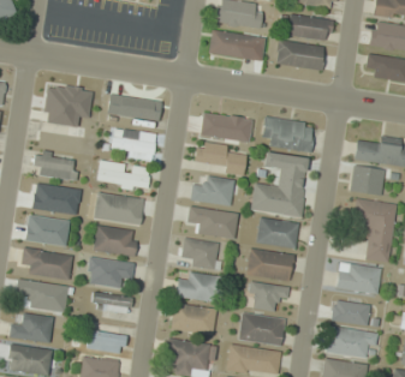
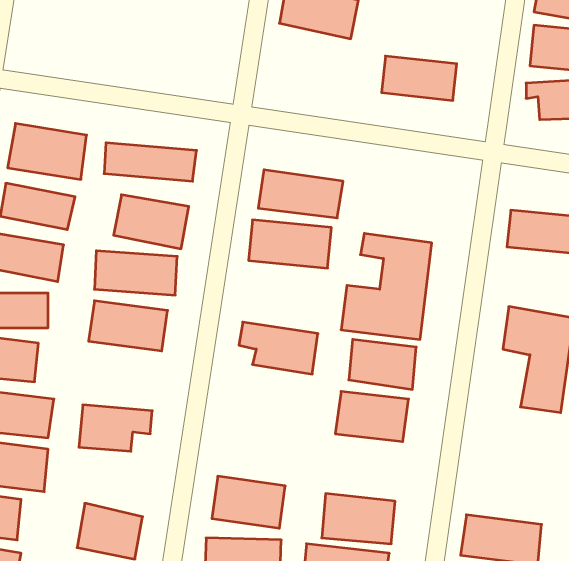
building: [282,14,333,40] -> none
building: [210,34,262,56] -> none
building: [261,116,314,152] -> none
building: [350,164,385,195] -> none
building: [190,175,234,207] -> none
building: [94,226,137,256] -> none
building: [183,240,220,268] -> none
building: [338,265,380,292] -> none
building: [177,274,220,299] -> none
building: [248,282,288,310] -> none
building: [93,292,132,313] -> none
building: [330,298,370,328] -> none

